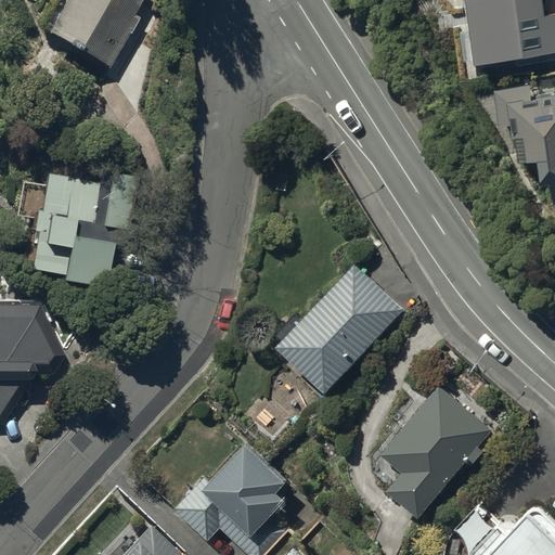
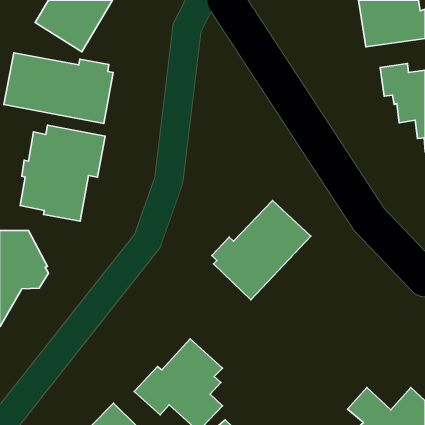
building: none -> [4,53,113,123]
building: [380,386,491,516] -> none

